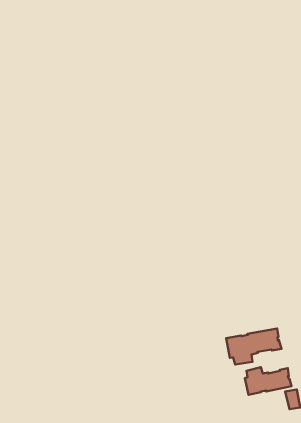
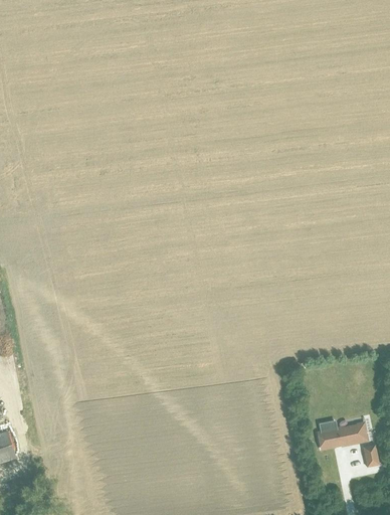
building: [226,328,281,364] -> none

